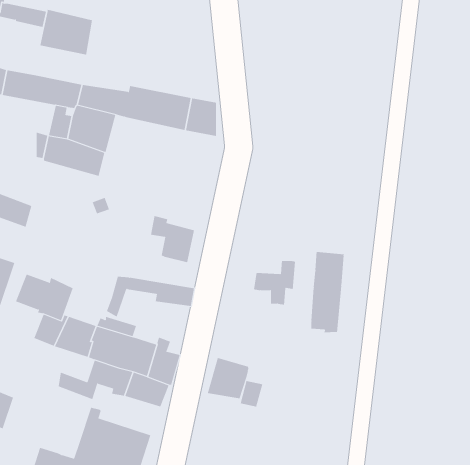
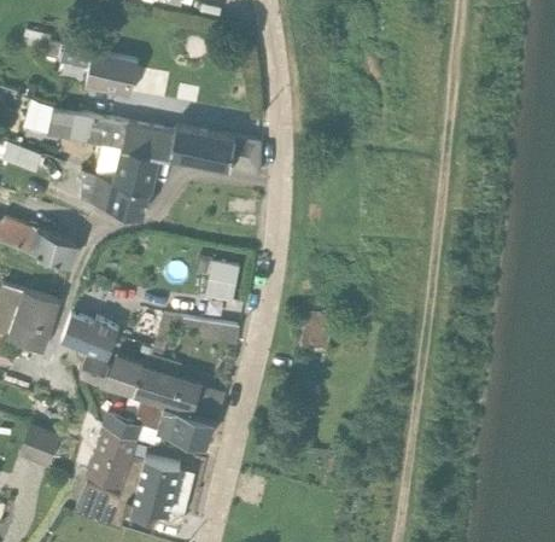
building: [311,251,344,333] -> none
building: [207,357,249,399] -> none
building: none -> [86,425,139,488]

